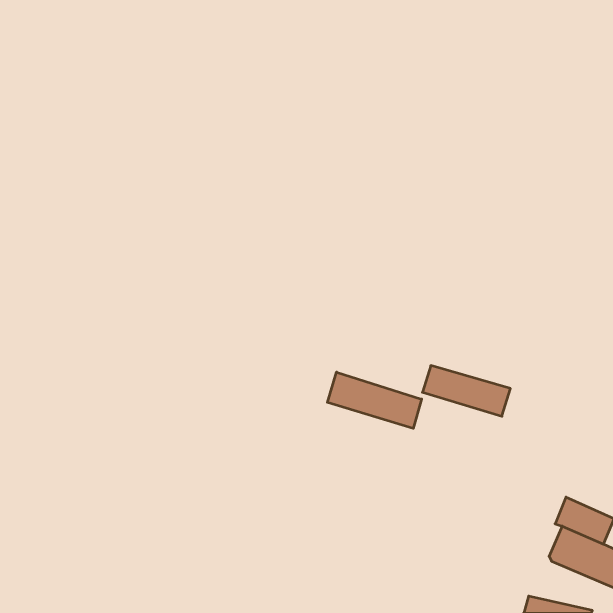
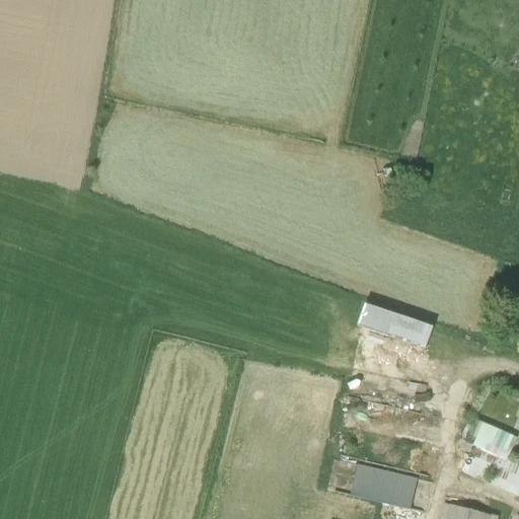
building: [327,372,422,428] -> none
building: none -> [352,462,420,508]

